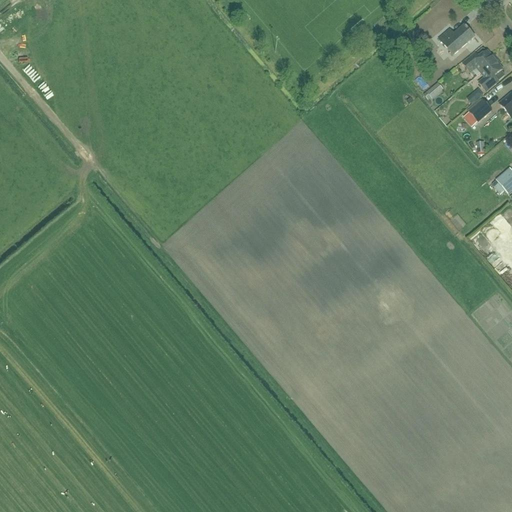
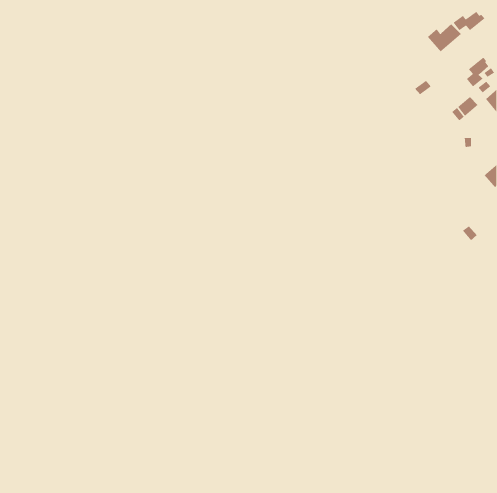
building: [463,50,497,71] -> [452,11,485,31]

